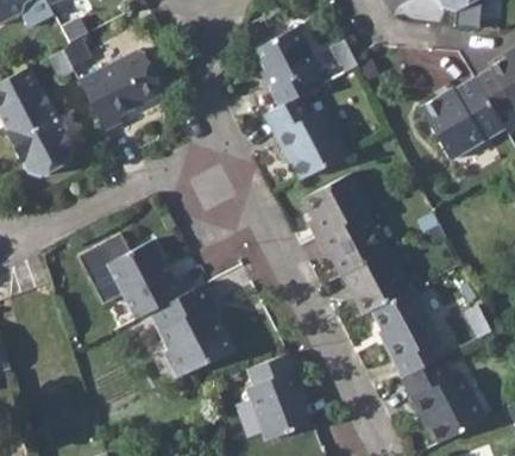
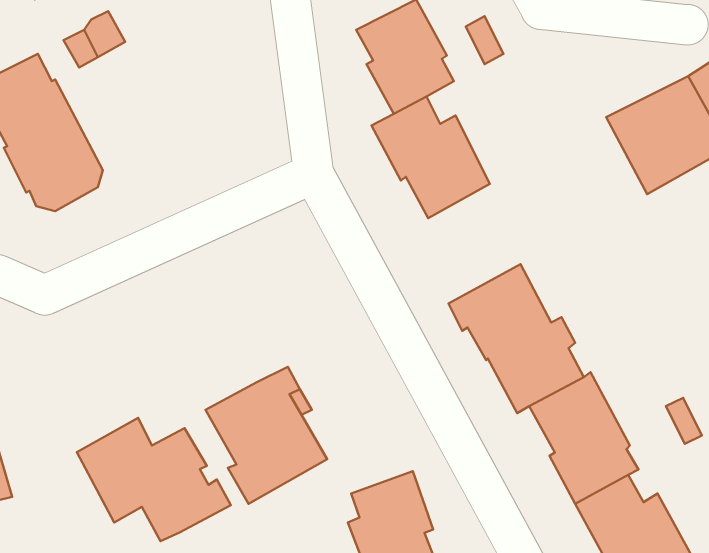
building: [78,49,161,129] -> none
building: [301,175,369,239] -> none
building: [75,233,182,319] -> [77,418,231,541]

